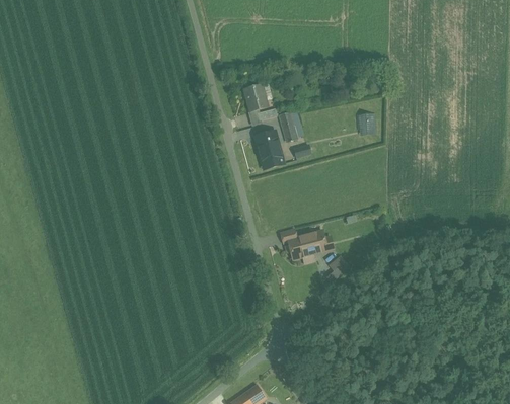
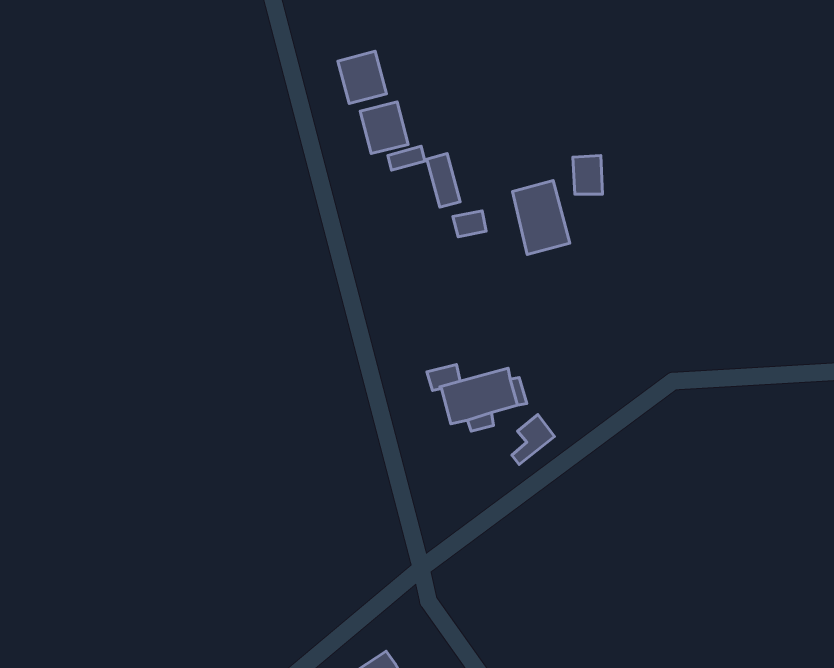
building: none -> [338,51,387,104]
building: [253,130,285,170] -> [512,180,570,254]

